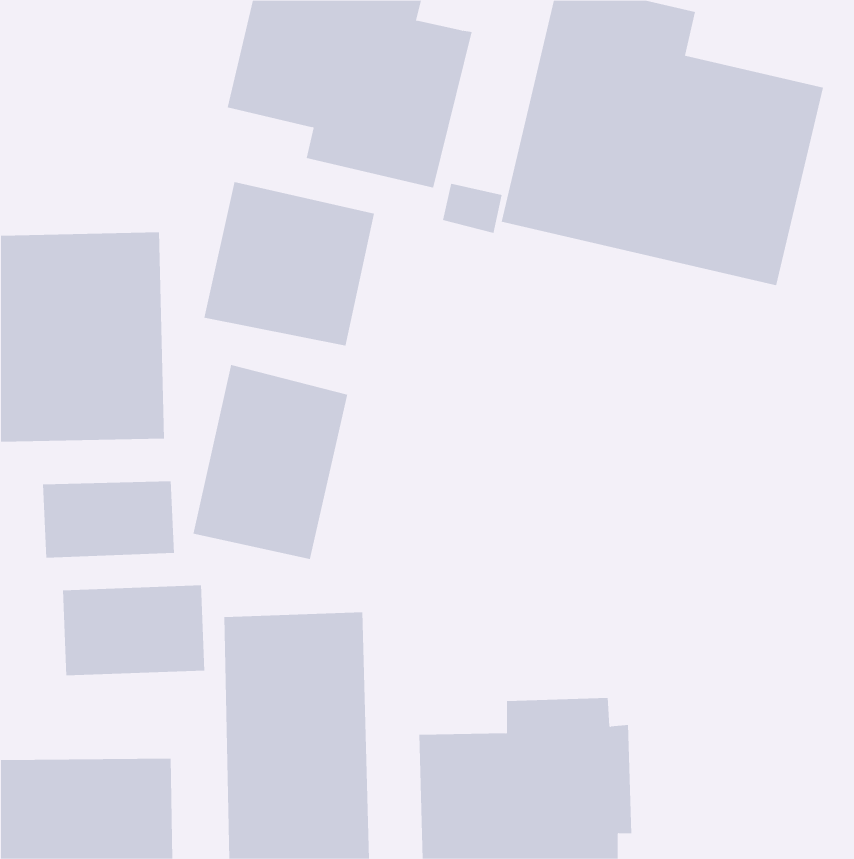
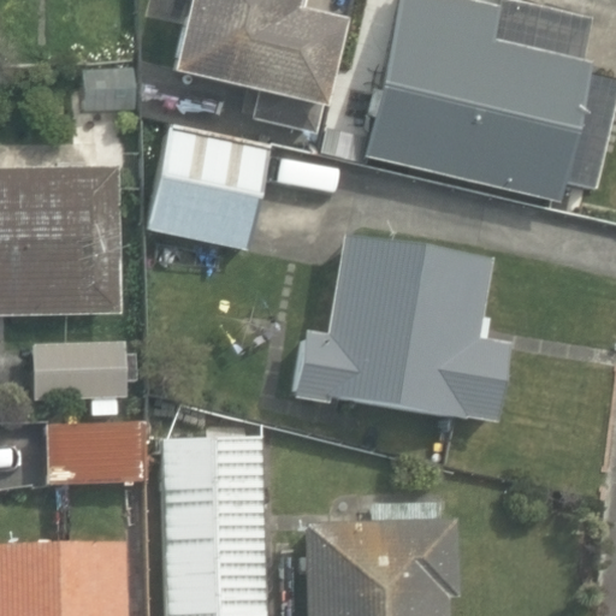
building: none -> [294,236,511,425]
building: [193,364,348,560] -> none

